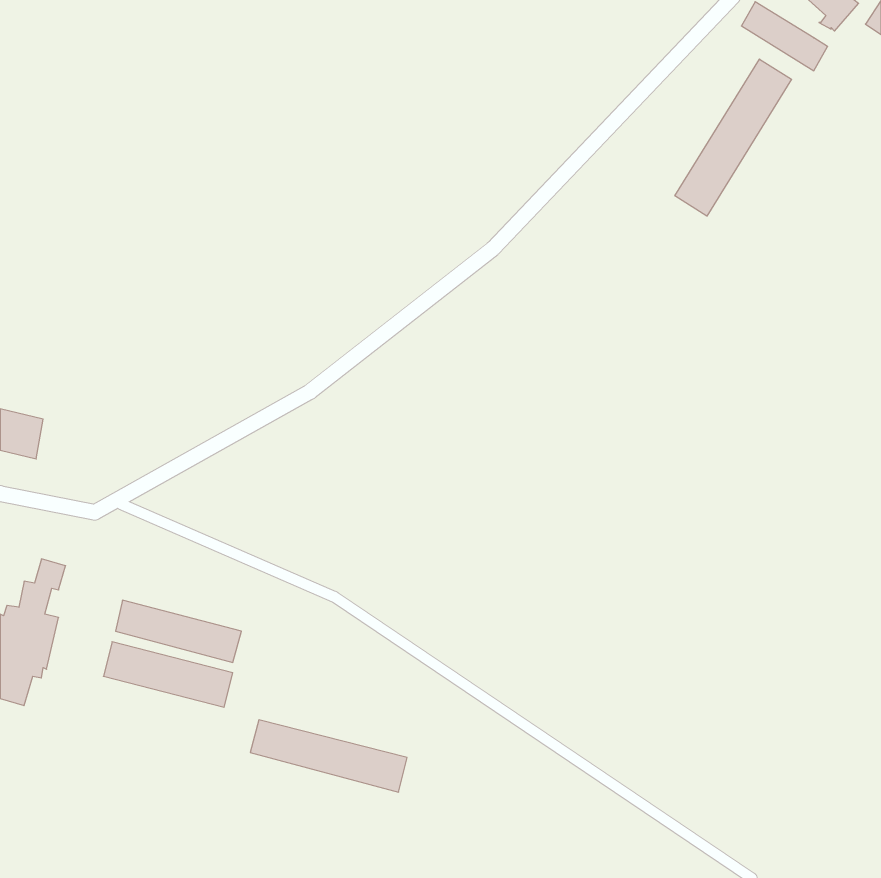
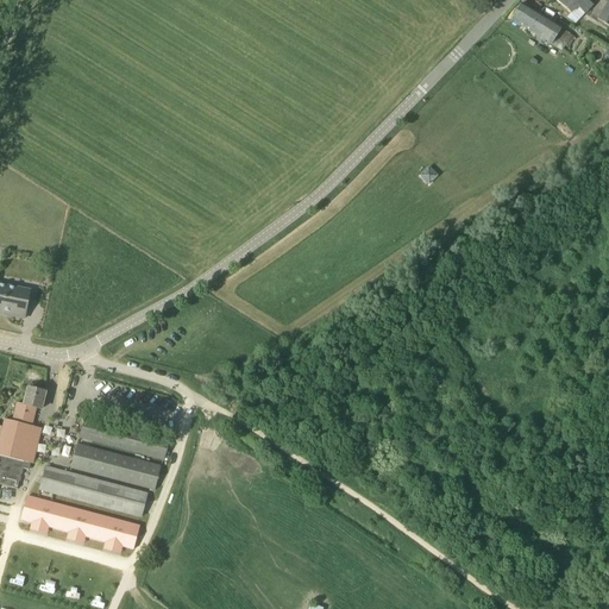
building: [675,59,792,216] -> none
building: none -> [21,495,139,547]
building: [250,720,407,792] -> [39,465,147,515]

